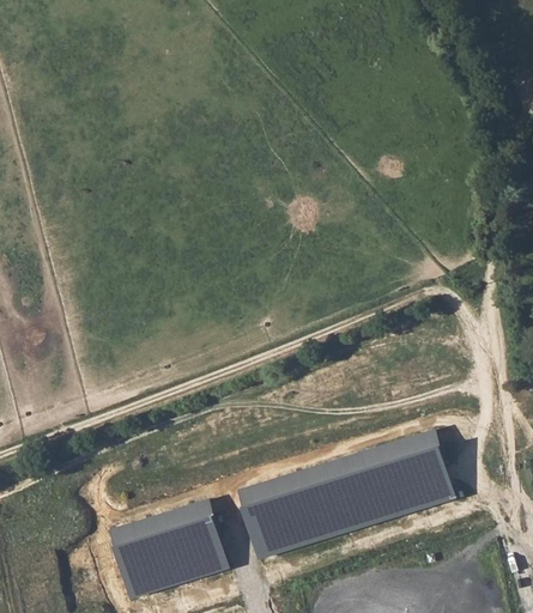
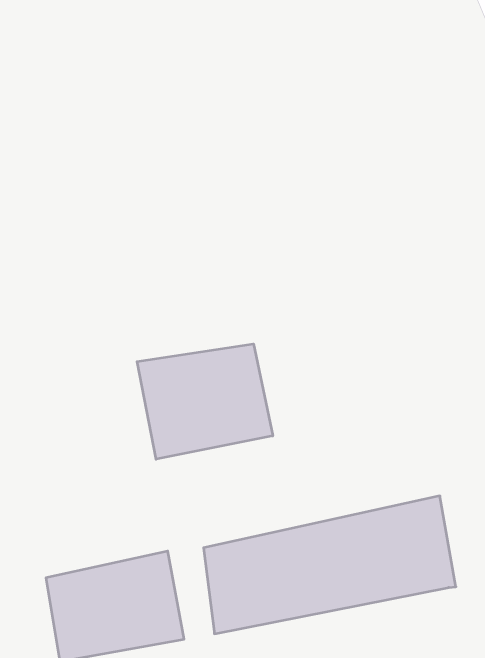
building: none -> [137,344,273,459]

